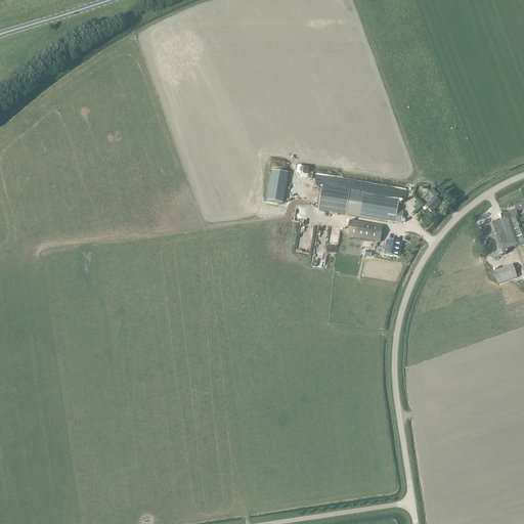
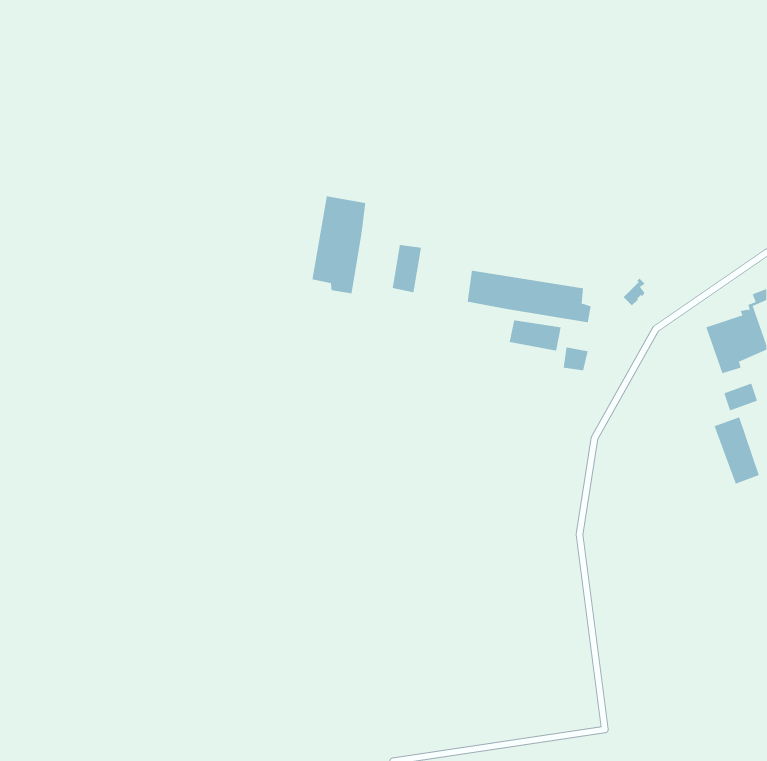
building: none -> [312,196,366,294]
building: none -> [714,416,759,485]

